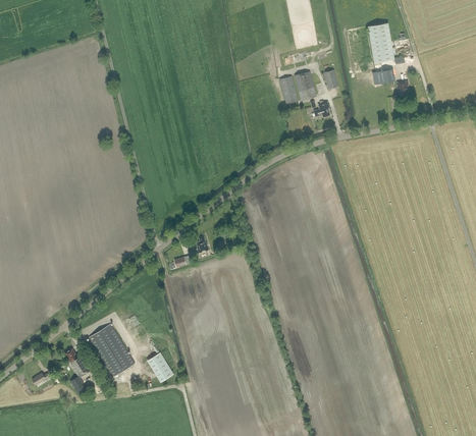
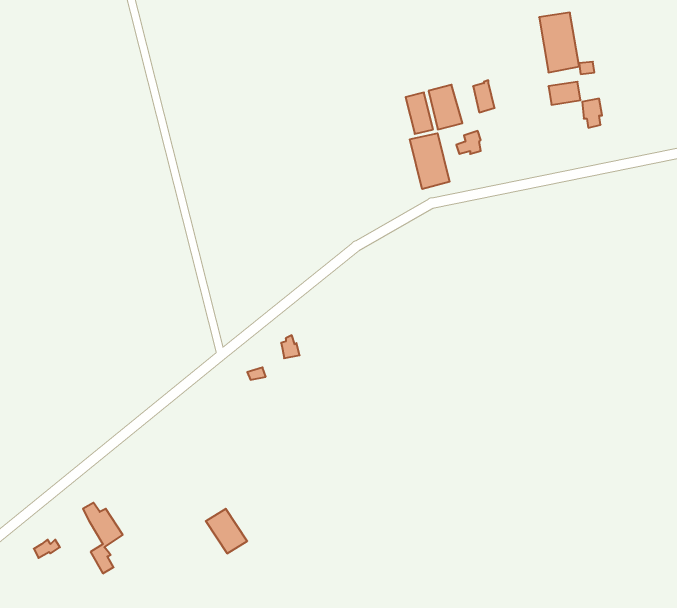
building: none -> [410,133,450,189]
building: [88,323,134,376] -> none

